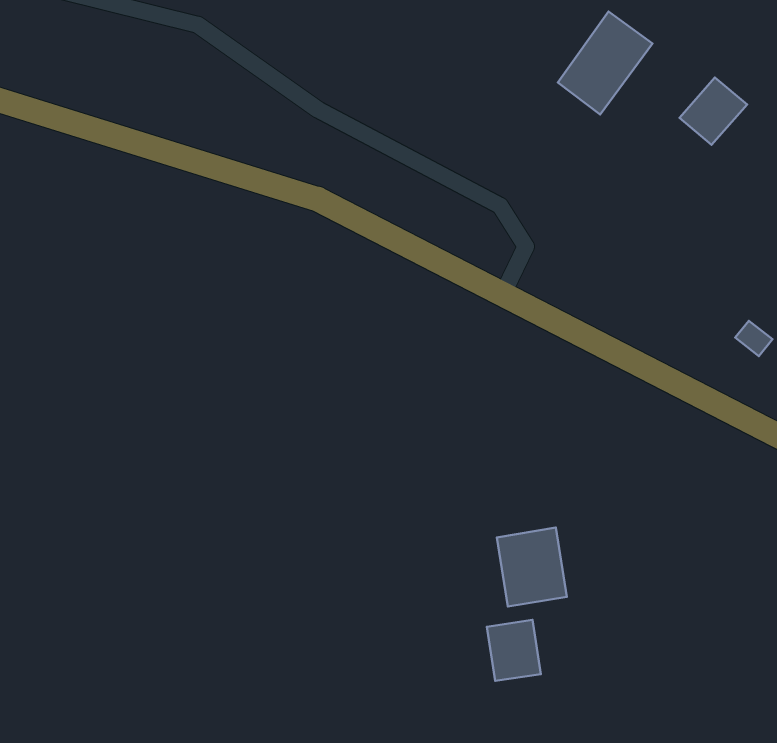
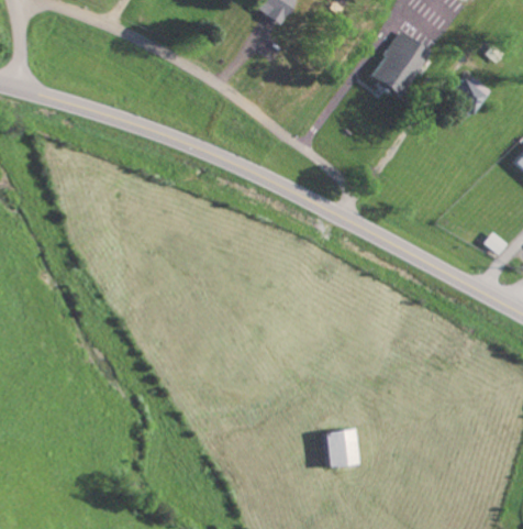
building: [497,528,567,606] -> none

